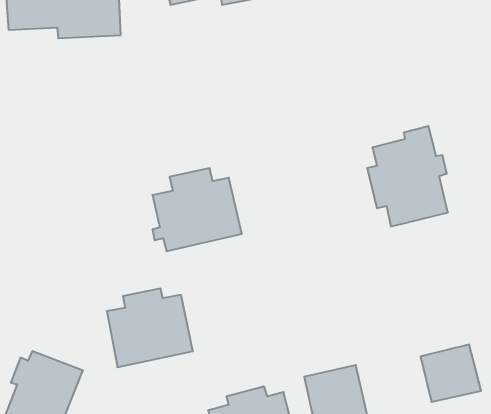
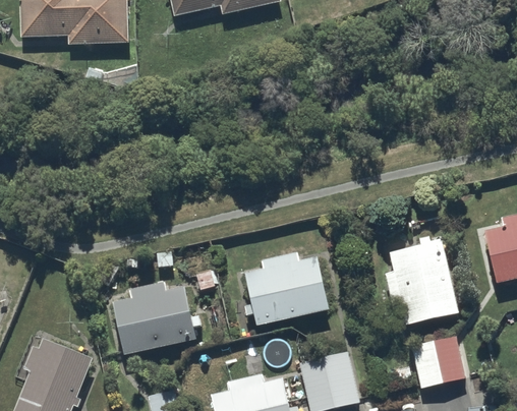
building: [367,126,448,226] -> [383,233,459,328]
building: [152,168,242,251] -> [244,248,329,327]

